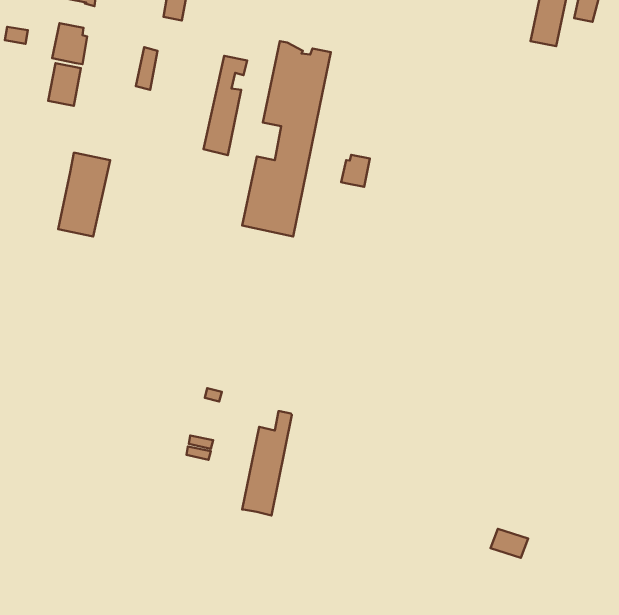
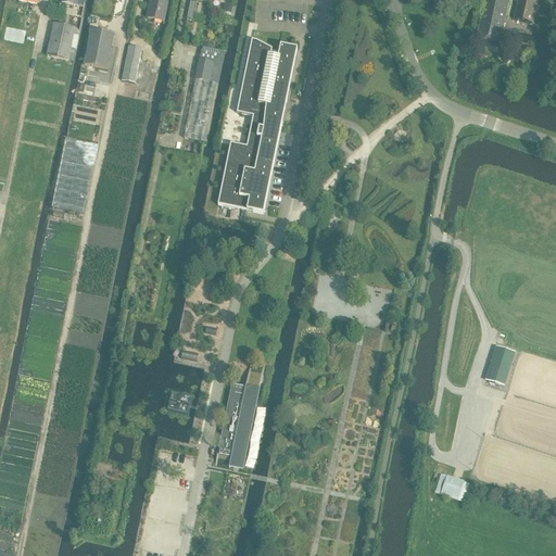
building: [48,63,81,106] -> [84,27,113,65]
building: [341,155,370,187] -> none
building: none -> [486,344,513,382]

